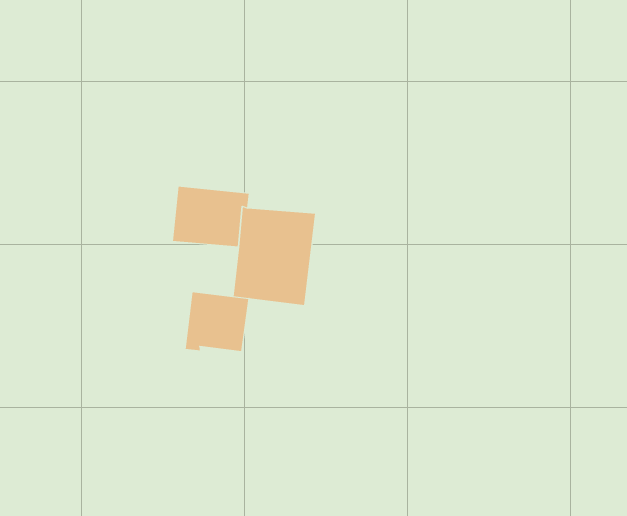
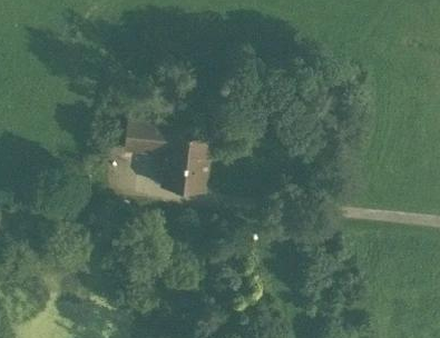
building: [185,292,249,352] -> none

